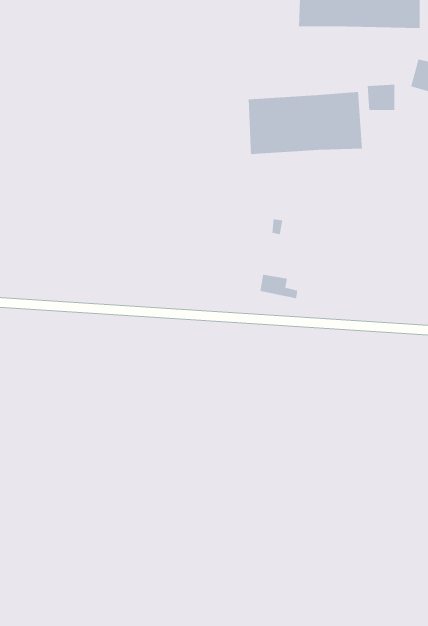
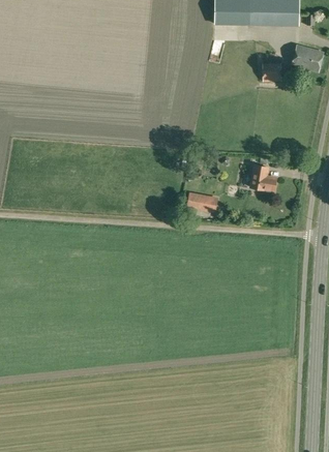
building: [248,91,363,155] -> none
building: none -> [250,165,276,191]

